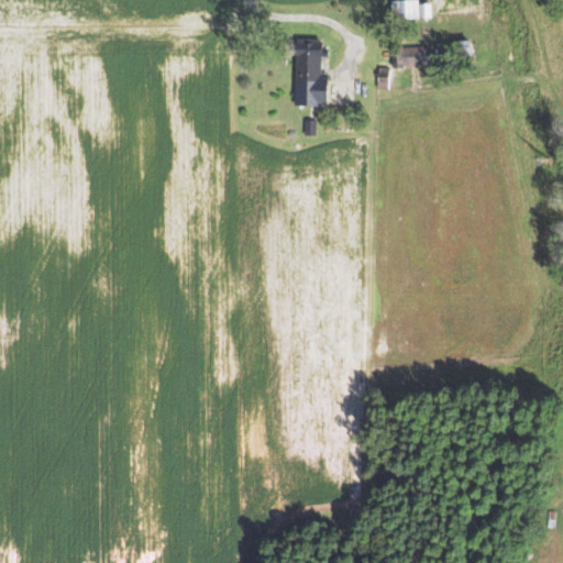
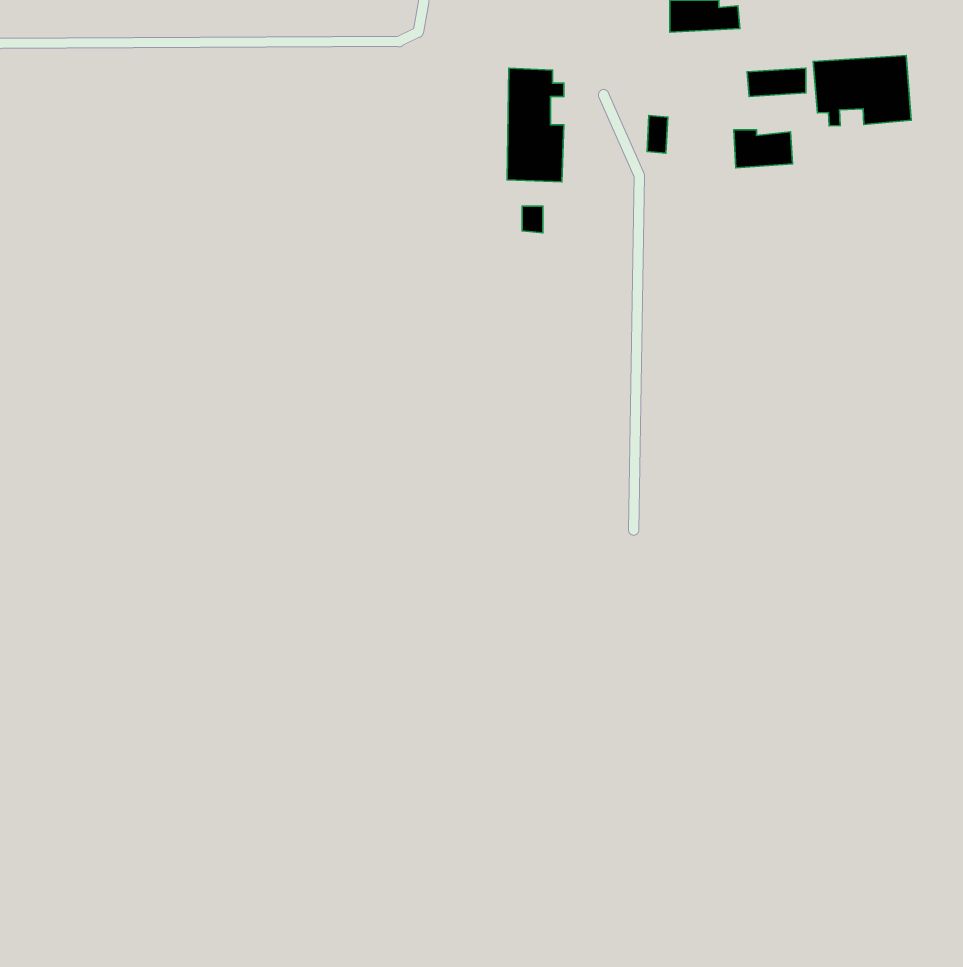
building: none -> [813,56,911,126]
building: [393,45,427,67] -> [734,130,793,168]

